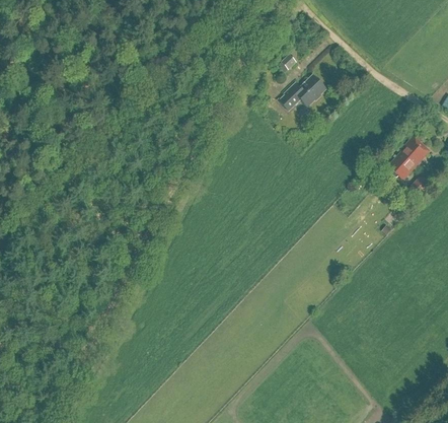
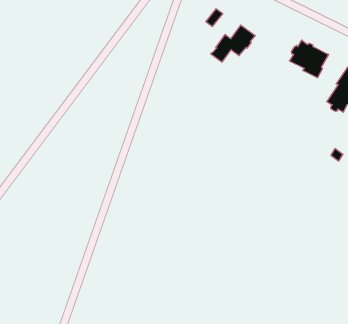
building: none -> [290,40,329,78]

